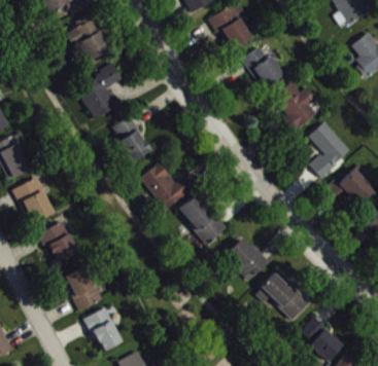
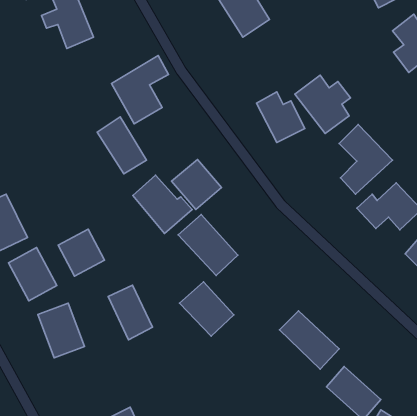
building: [244,47,283,88] -> [257,92,305,143]
building: [75,64,122,119] -> [111,56,168,124]
building: none -> [172,159,222,209]
building: none -> [58,229,104,276]
building: [224,236,268,281] -> [179,282,234,336]
building: [85,307,122,352] -> [108,285,153,340]

